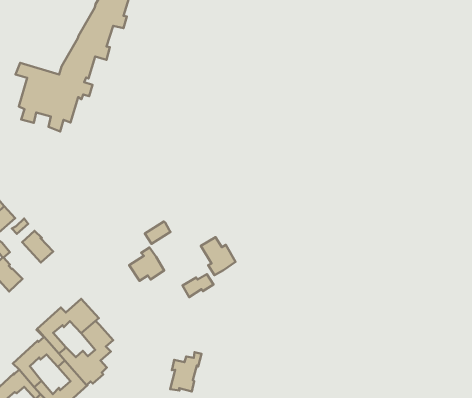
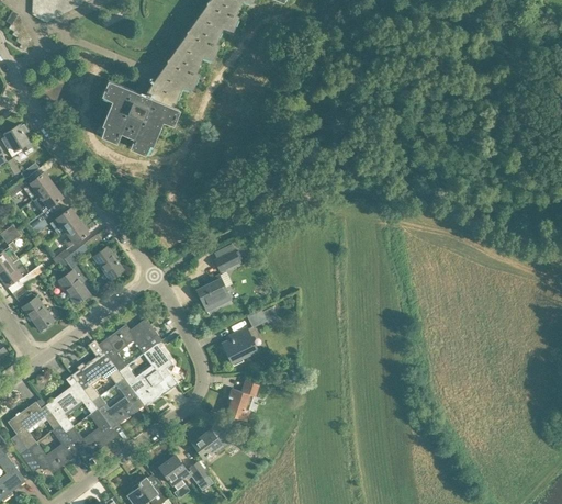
building: [201,237,236,275] -> none
building: none -> [223,327,257,359]

